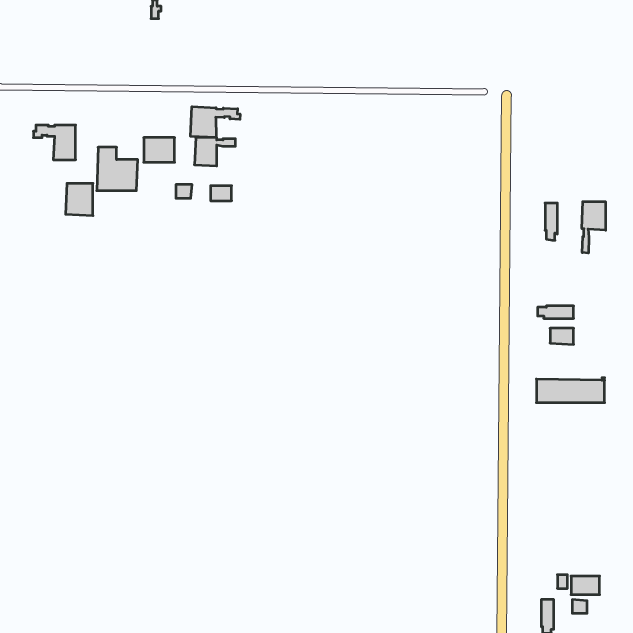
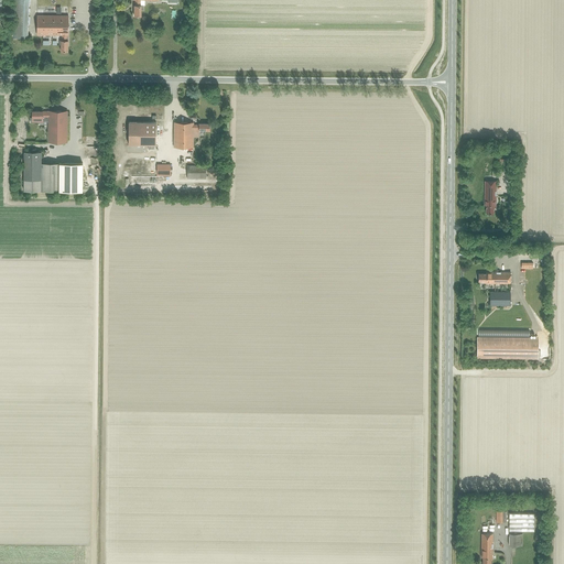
building: none -> [36,15,68,52]
building: [191,107,240,138] -> none
building: [97,147,138,191] -> [23,152,59,191]
building: [582,202,606,253] -> none

